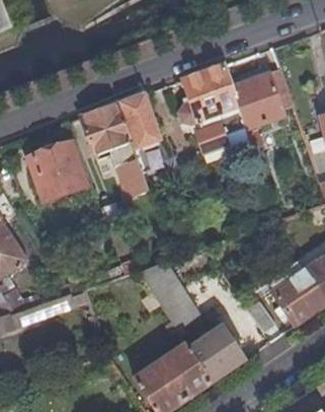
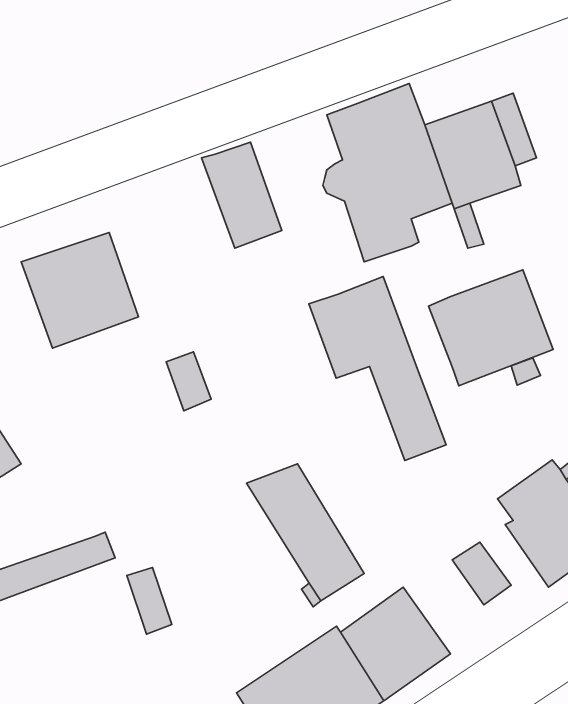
building: [79,101,150,197] -> [309,276,446,461]
building: none -> [429,270,553,386]

